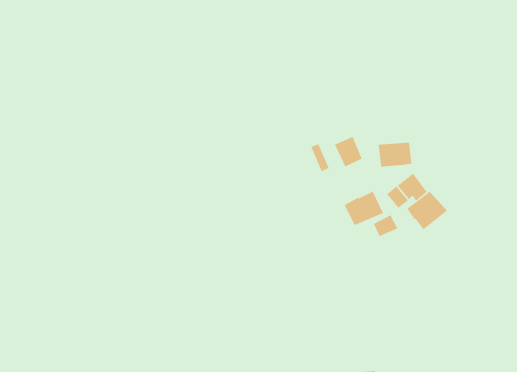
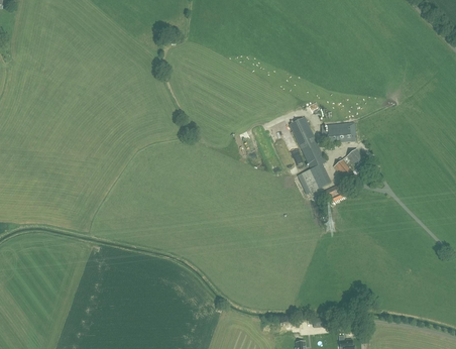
building: none -> [298,136,325,169]
building: [407,190,448,230] -> none

